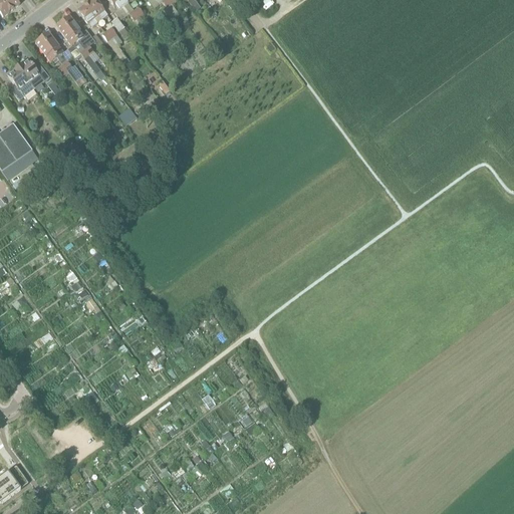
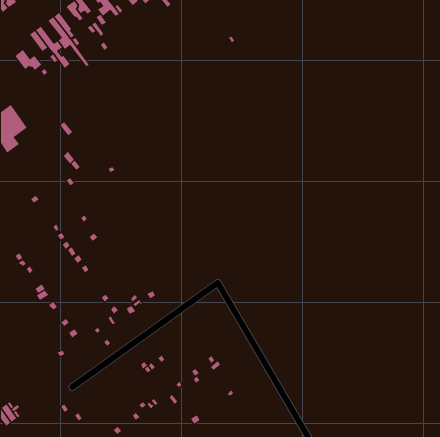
building: [7,65,34,98] -> none

